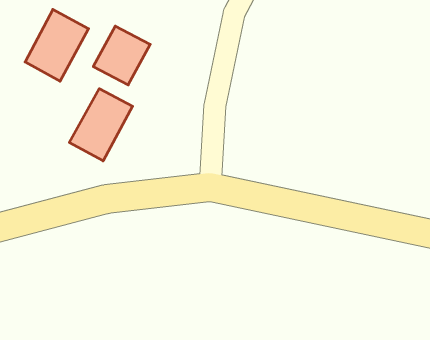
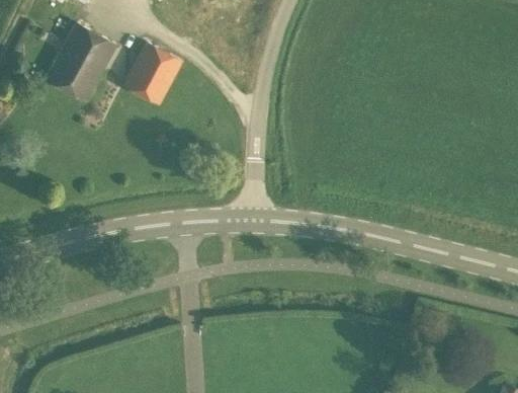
building: [69,89,133,161] -> none

